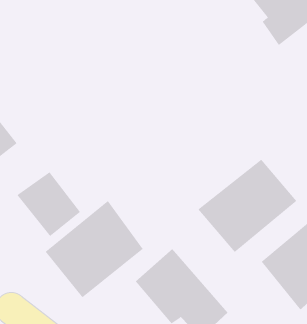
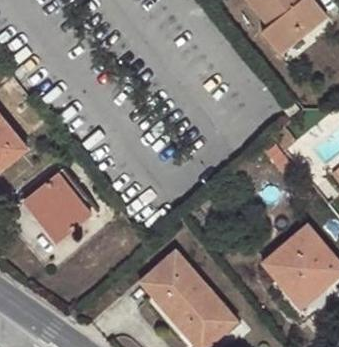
building: [197,159,297,253] -> none
building: [45,200,143,298] -> none

